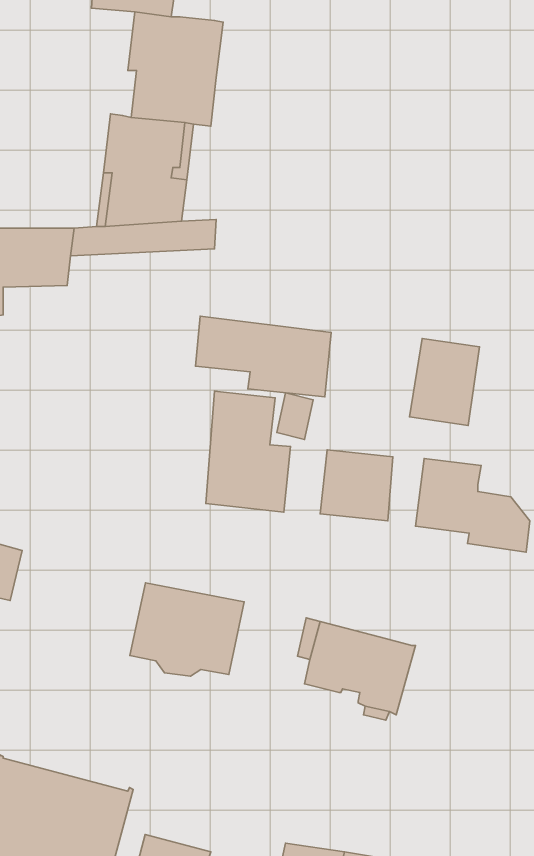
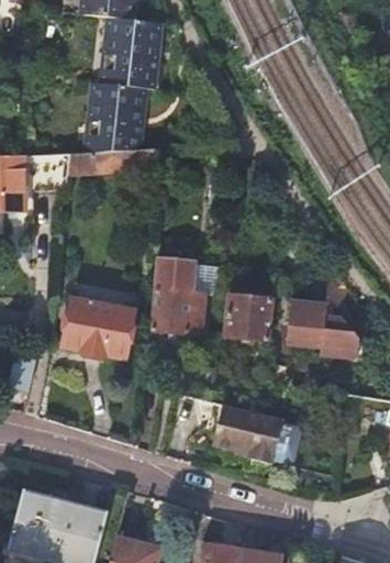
building: [195,316,331,397] -> none
building: [410,339,479,426] -> none
building: [130,583,244,676] -> [63,299,135,358]

